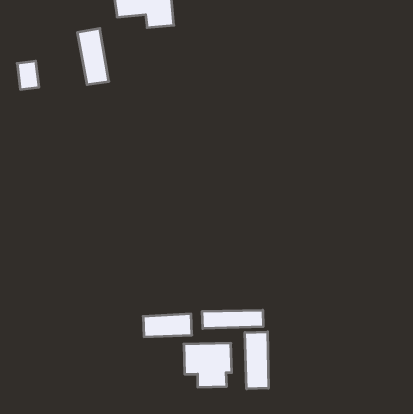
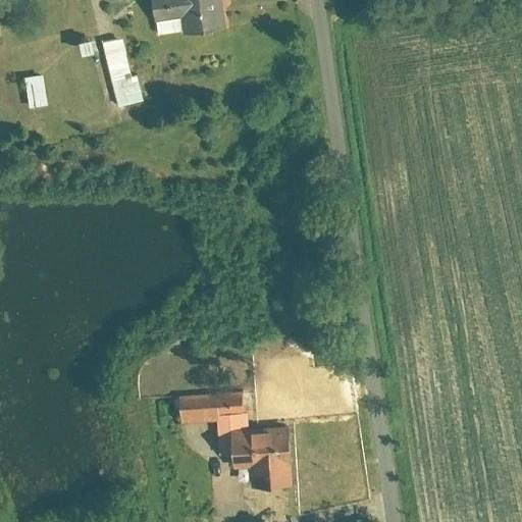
building: [202,310,263,329] -> none
building: [245,332,268,389] -> none

